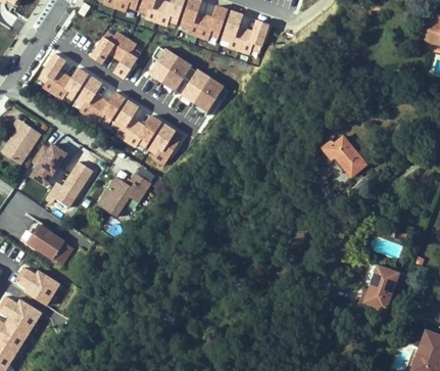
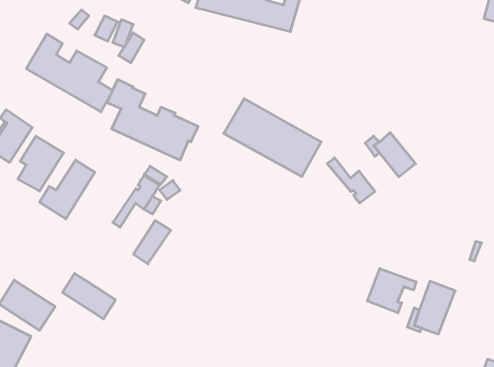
building: [142,48,225,114] -> [224,99,321,177]
building: none -> [327,158,375,203]
building: [96,177,128,214] -> [134,221,171,264]
building: [27,224,71,263] -> [63,273,115,319]
building: none -> [367,268,416,313]

